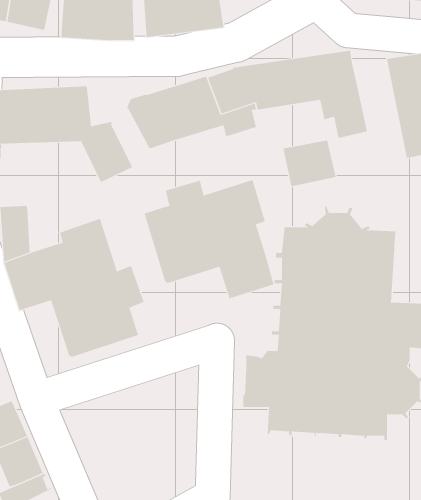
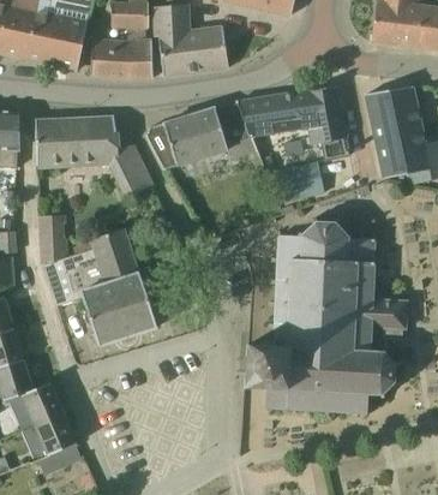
building: [144,179,274,299] -> none

